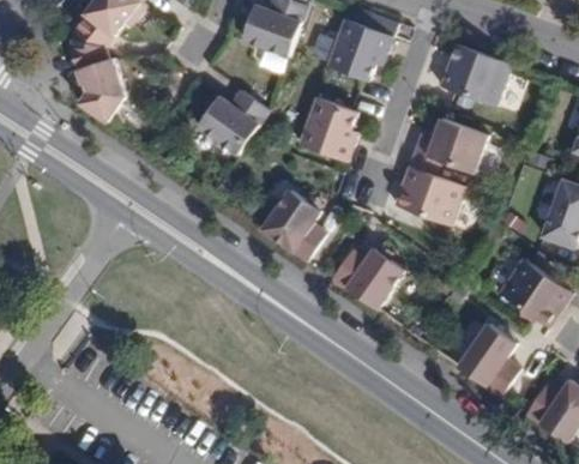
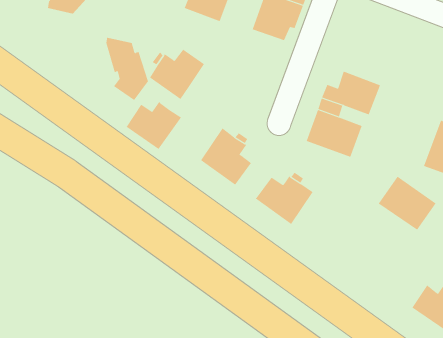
building: [71,41,125,120] -> [106,37,149,101]
building: [439,44,511,107] -> none
building: [298,98,357,162] -> none
building: none -> [126,101,182,150]
building: [458,325,520,397] -> none

